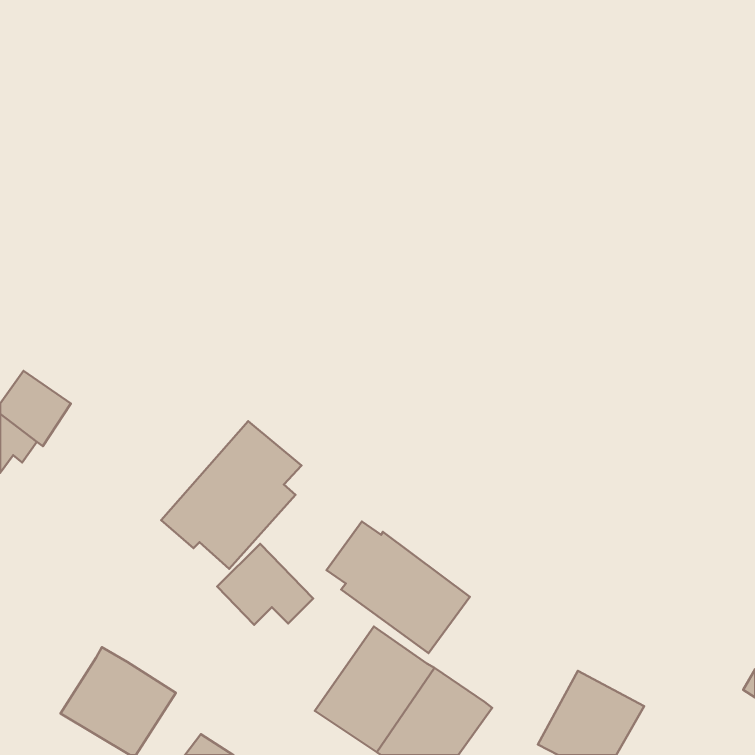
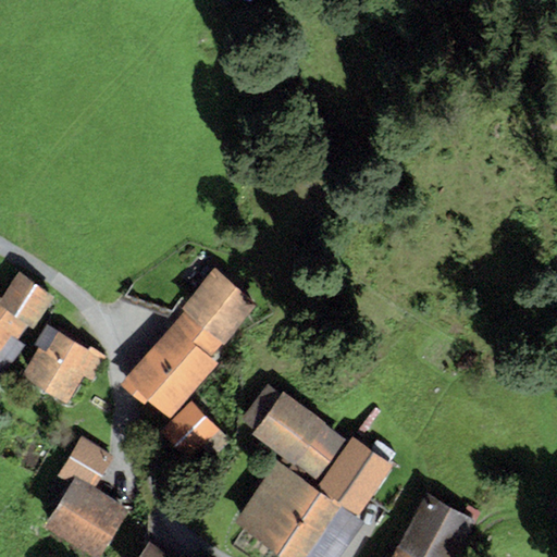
building: none -> [181,268,258,344]
building: none -> [21,324,107,404]
building: none -> [57,436,113,487]
building: none -> [314,436,409,517]

